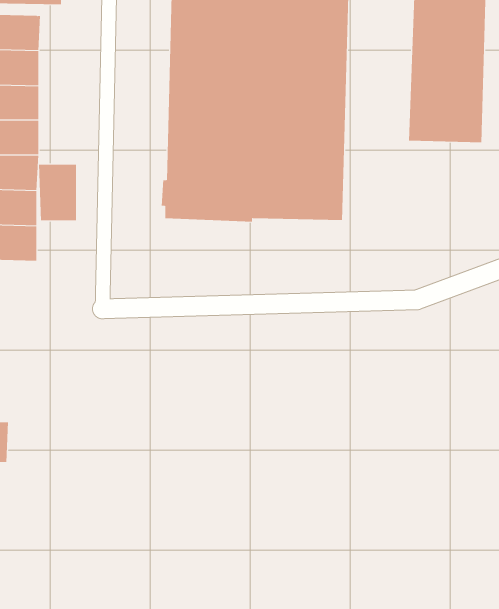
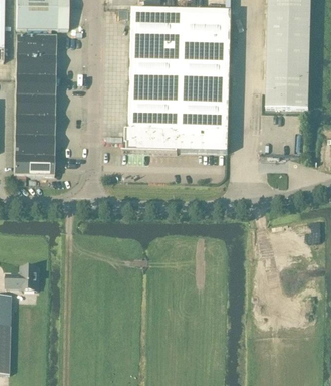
building: [39,164,76,221] -> none

